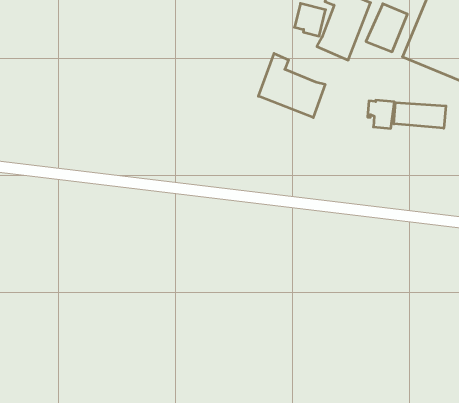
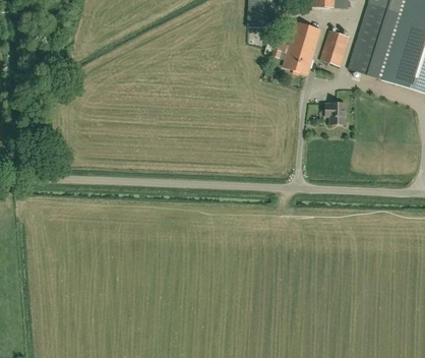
building: [258,53,325,118] -> none
building: [394,103,446,128] -> none

